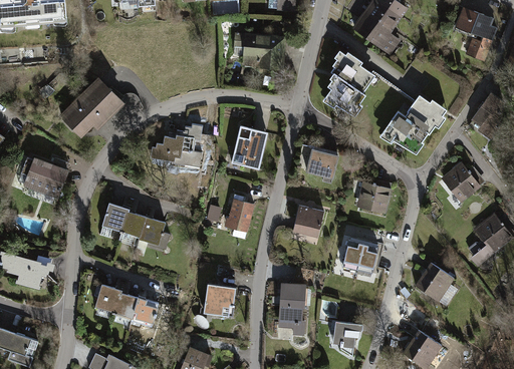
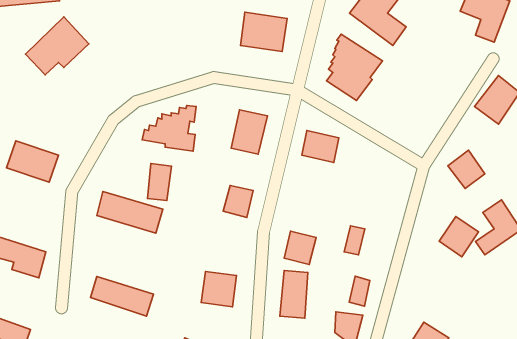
building: [60,77,121,133] -> [26,17,89,75]
building: [380,96,444,155] -> none
building: none -> [147,163,172,201]
building: [358,185,390,213] -> none
building: [293,207,324,239] -> [284,231,316,264]
building: [355,242,375,271] -> [349,276,370,306]
building: [417,262,455,301] -> [439,216,479,257]

